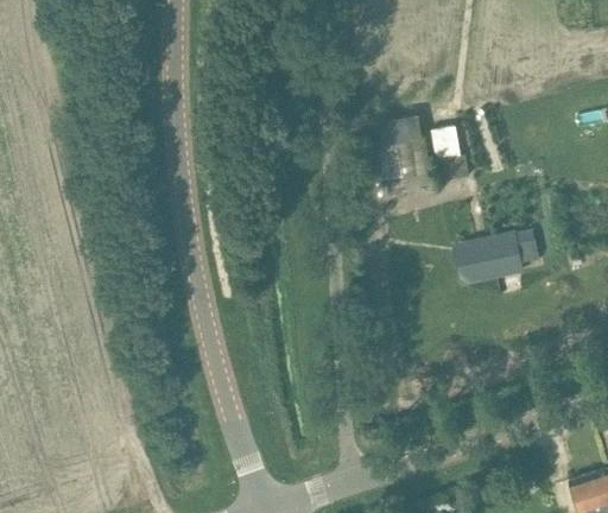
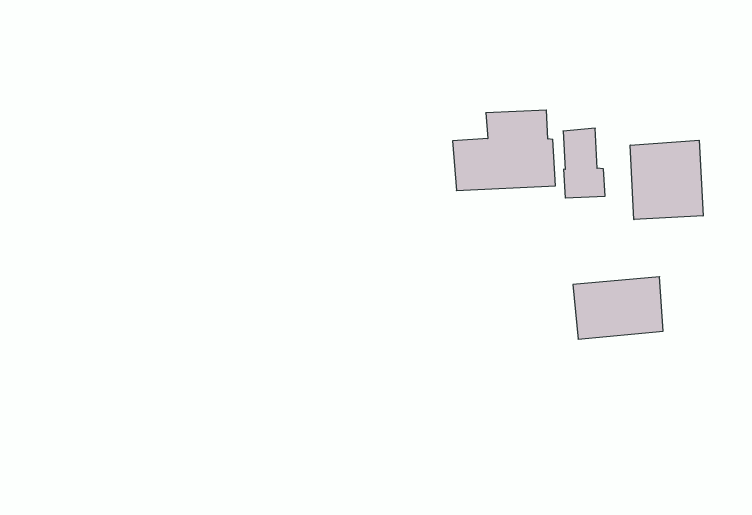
building: none -> [630,140,703,220]

